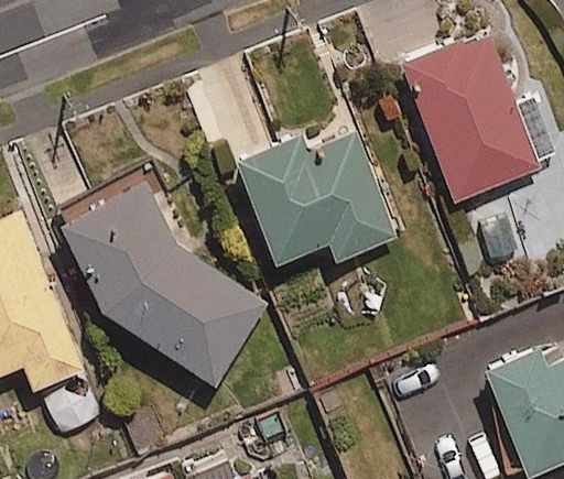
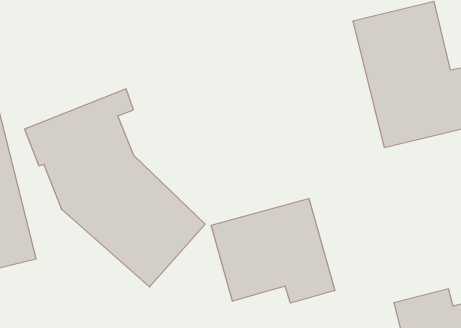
building: [230,132,400,263] -> none
building: none -> [211,198,335,303]

